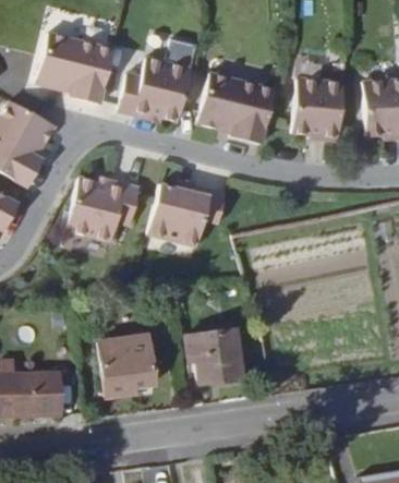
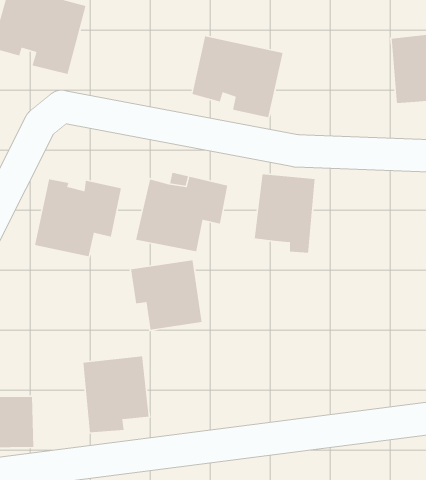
building: [113,55,189,124] -> none
building: [293,71,344,137] -> [254,173,315,253]
building: [190,333,250,391] -> [130,260,202,330]

